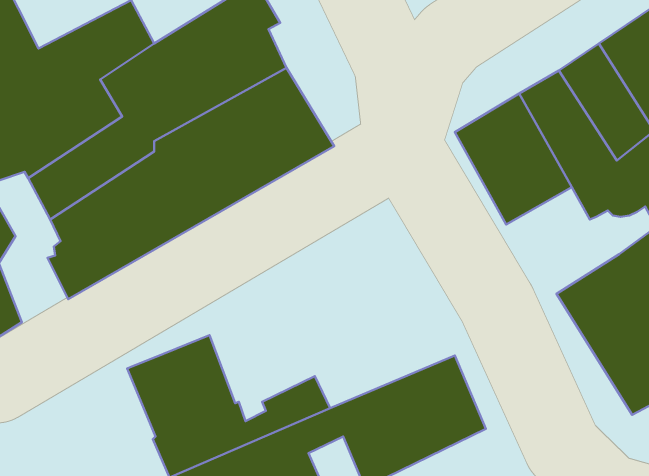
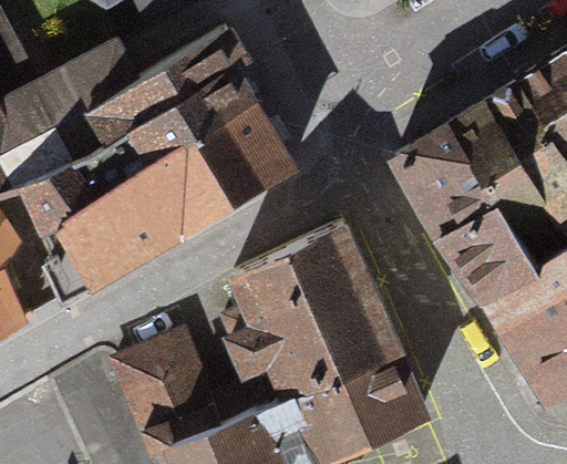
building: none -> [440,208,537,300]
building: none -> [221,225,395,399]

